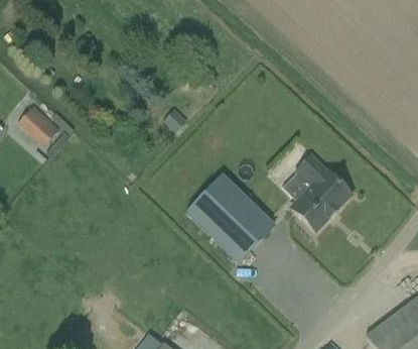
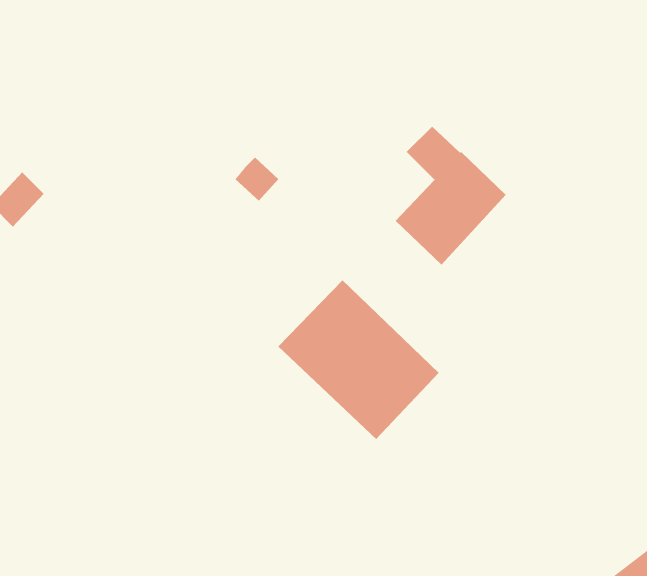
building: [290,156,351,232] -> [395,126,507,265]

